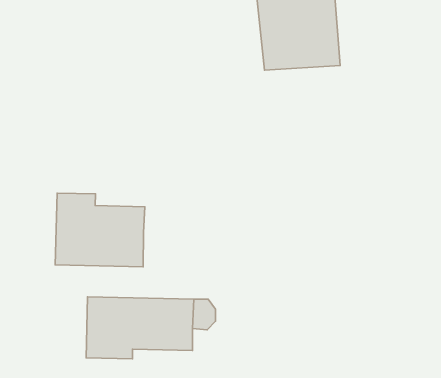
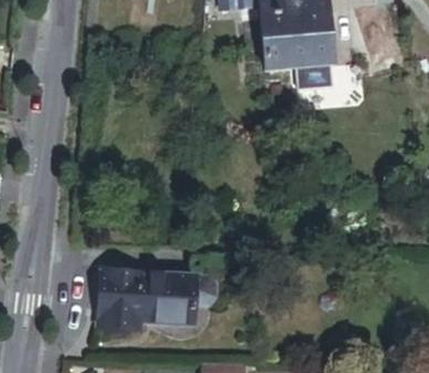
building: [55,193,145,267] -> none

